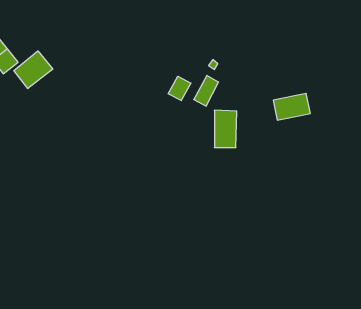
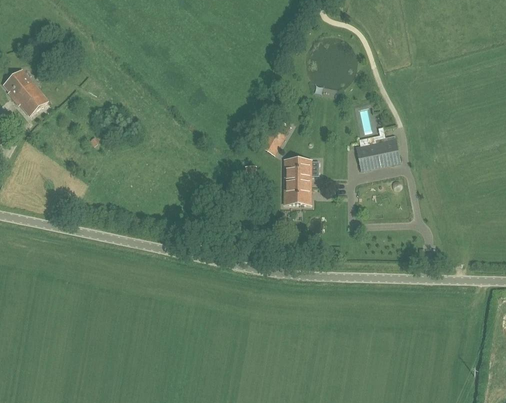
building: [14,51,53,89] -> none
building: [168,76,191,101] -> none

